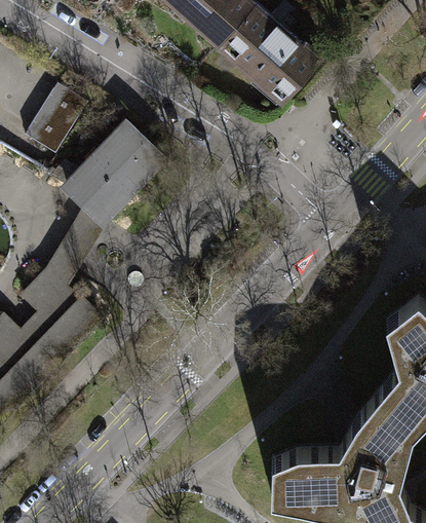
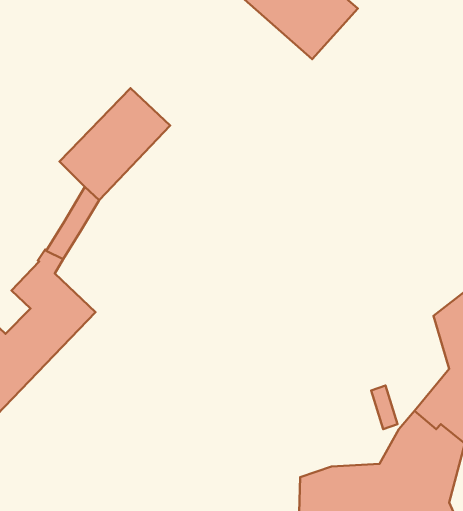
building: [25,82,88,154] -> none

